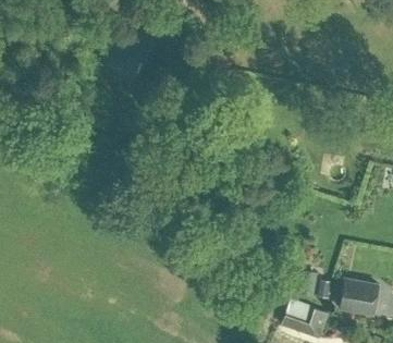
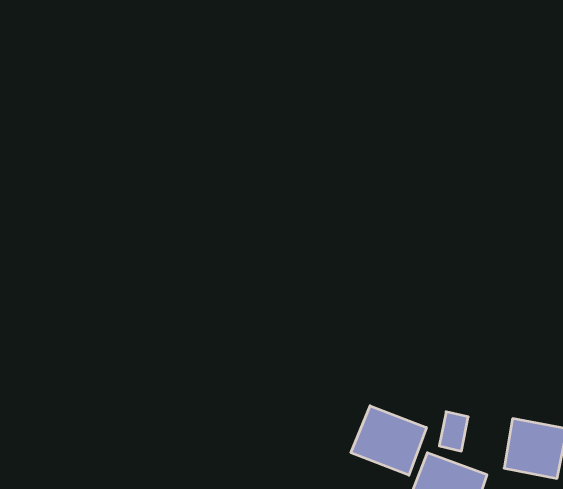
building: none -> [351,406,426,475]

